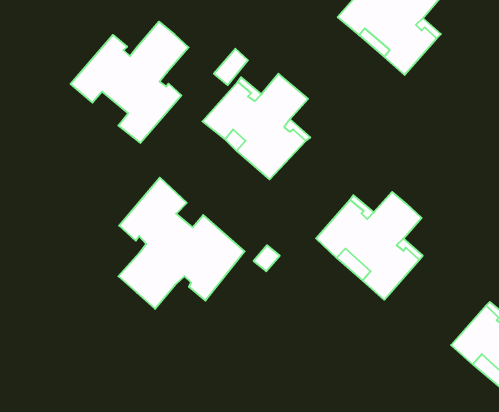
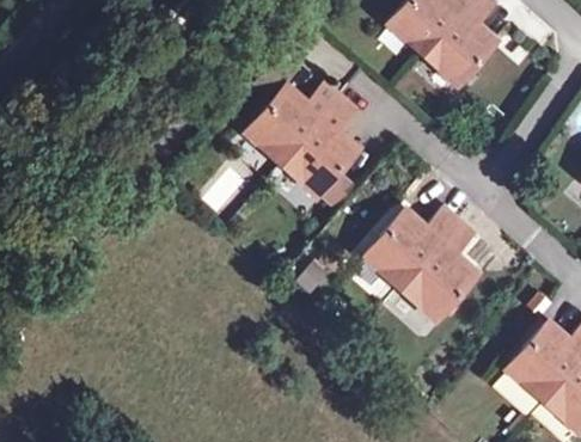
building: [71,22,189,143] -> none
building: [118,178,245,309] -> none

